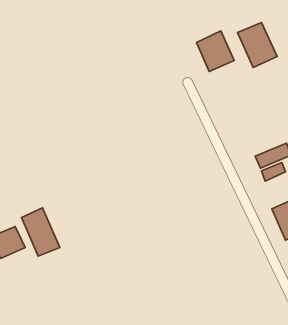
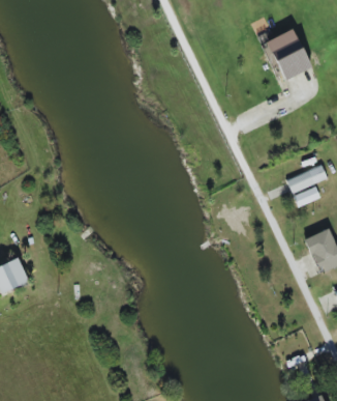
building: [197,31,234,72] -> none
building: [22,208,60,256] -> none

